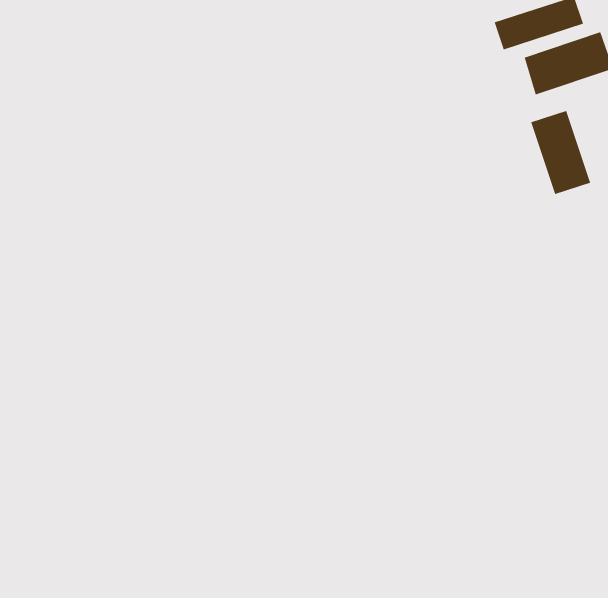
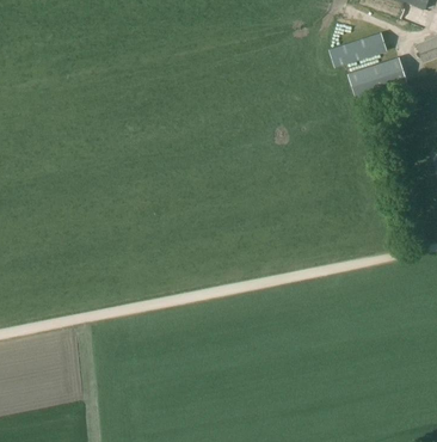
building: [530,110,591,195] -> none

